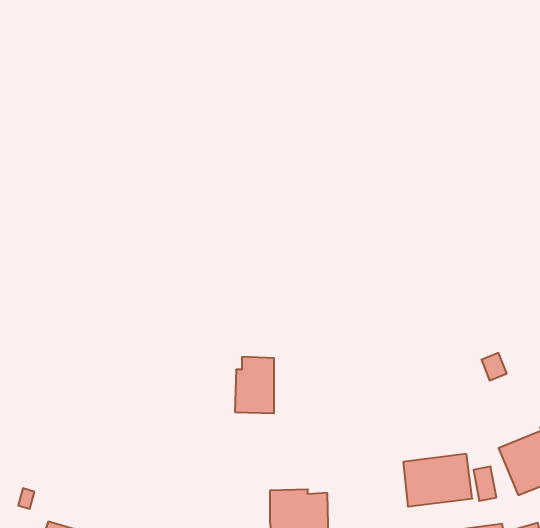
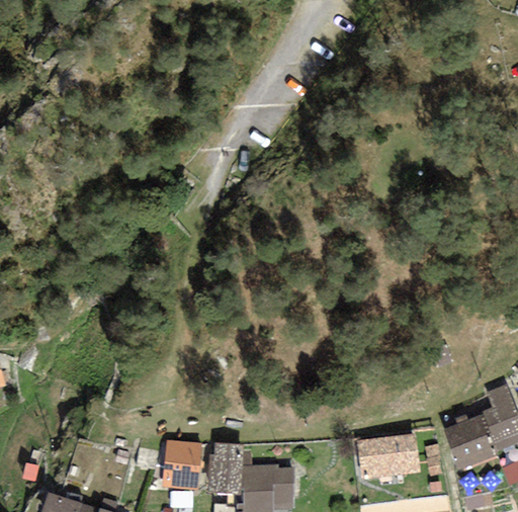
building: [235,357,274,413] -> [208,443,243,493]
building: none -> [162,441,201,490]

